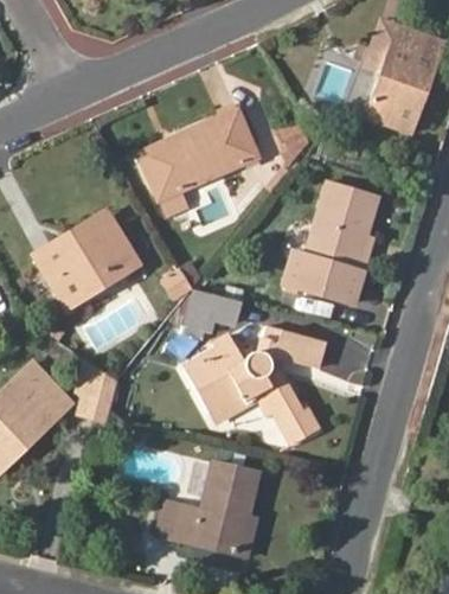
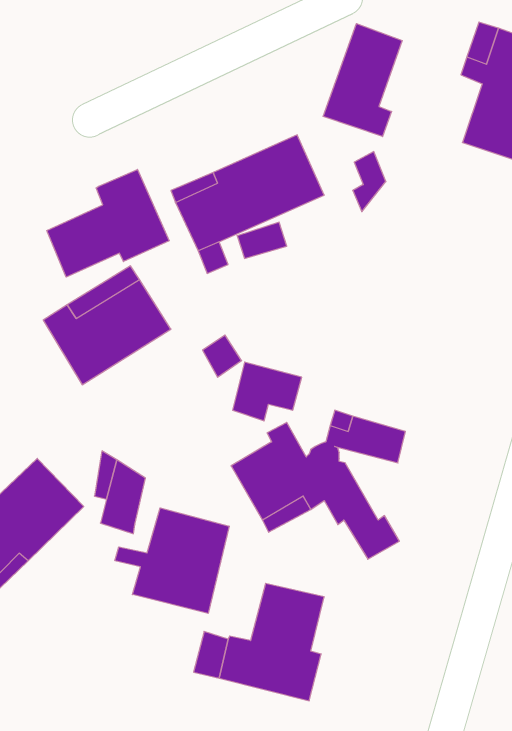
building: none -> [323,24,402,137]
building: none -> [47,169,169,277]
building: [288,179,380,301] -> none
building: none -> [115,508,229,613]

